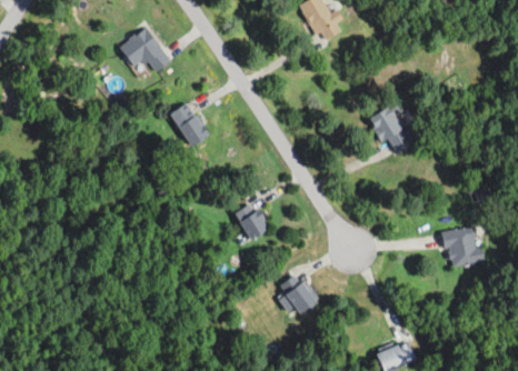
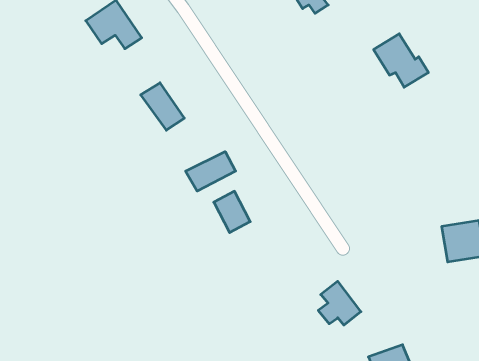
building: [368,103,418,152] -> [374,34,428,87]
building: none -> [186,152,236,191]
building: [278,272,317,312] -> [318,281,361,325]

